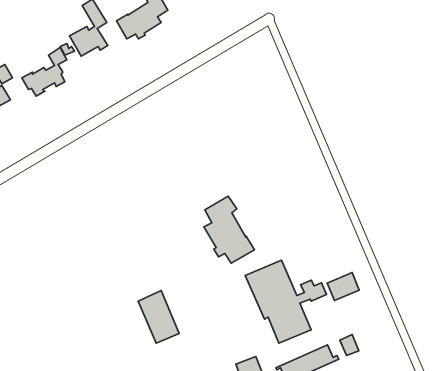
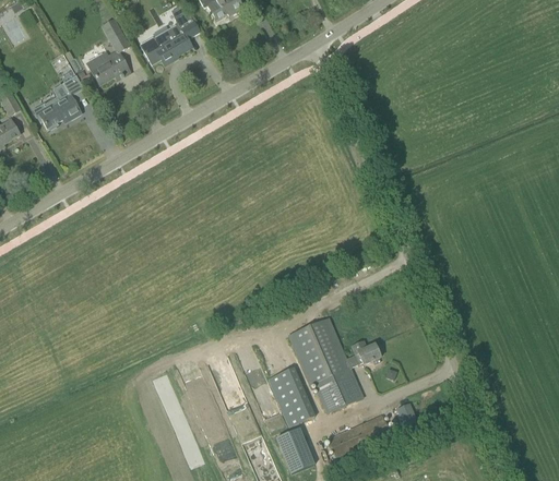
building: [204,196,255,263] -> none
building: [327,272,359,300] -> none
building: [138,291,179,343] -> [267,366,314,426]

